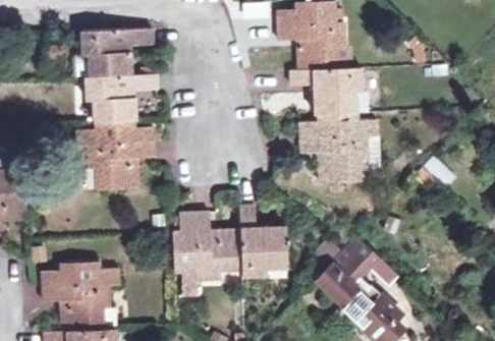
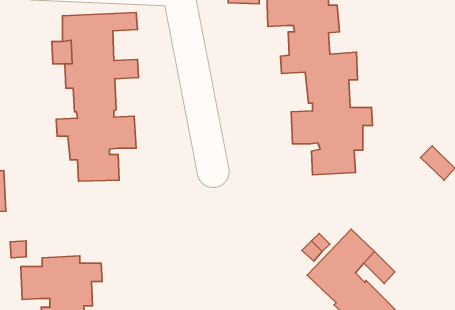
building: [172,207,288,280] -> none

